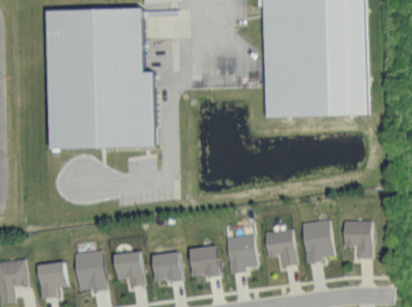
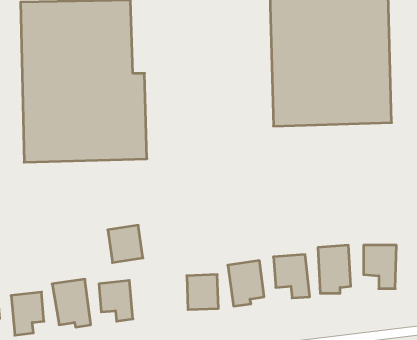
building: [151,251,182,284] -> [108,225,143,263]

